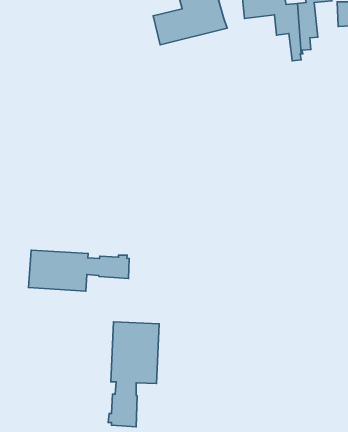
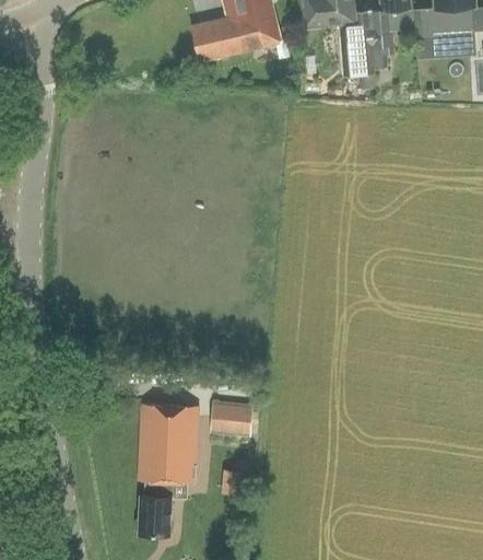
building: [29,250,129,291] -> none
building: none -> [210,400,252,435]

